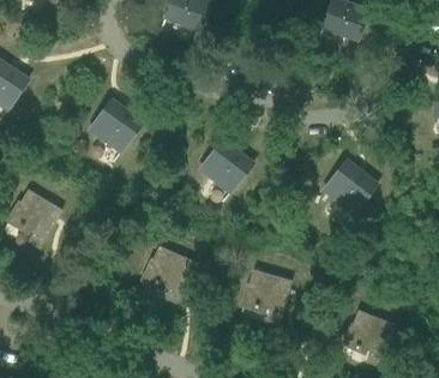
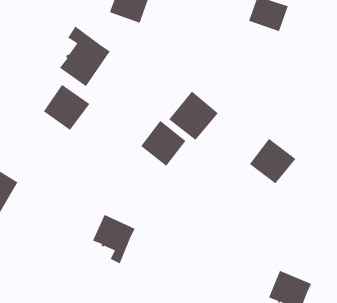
building: none -> [51,25,111,87]
building: none -> [168,90,219,148]
building: [241,270,291,324] -> none

